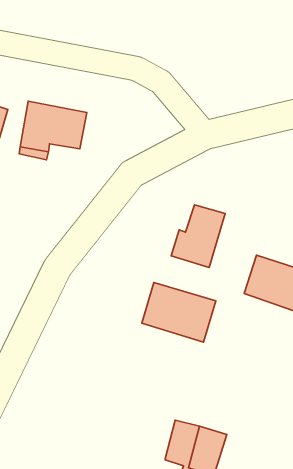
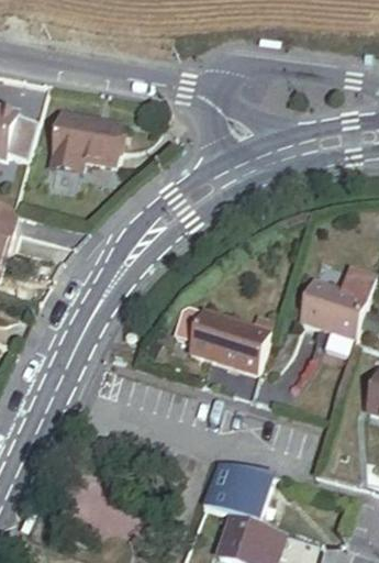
building: [171,205,225,268] -> none

